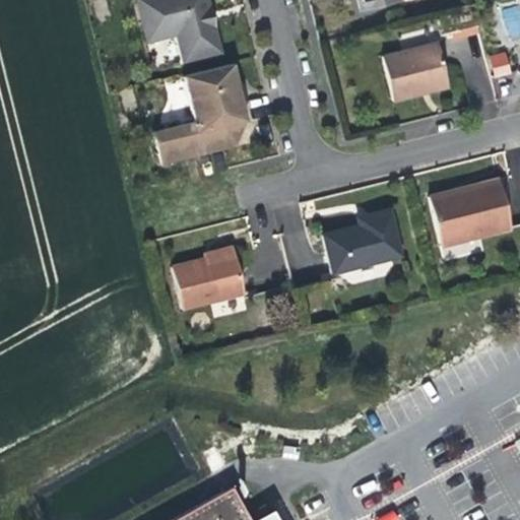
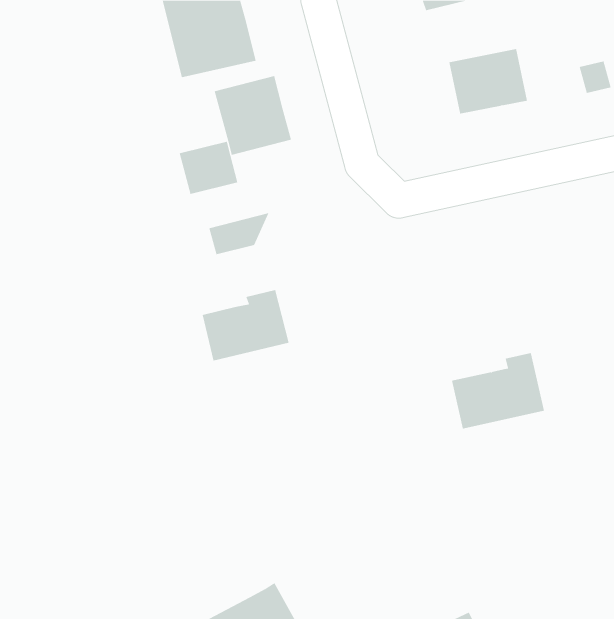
building: [199,119,250,154] -> [209,212,269,255]
building: [430,185,509,246] -> none
building: [323,208,401,272] -> [451,352,545,429]

